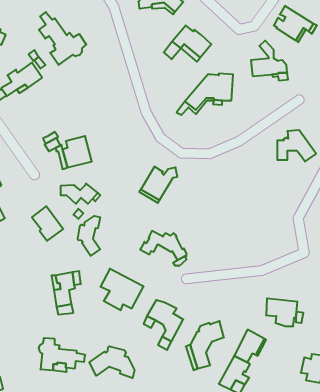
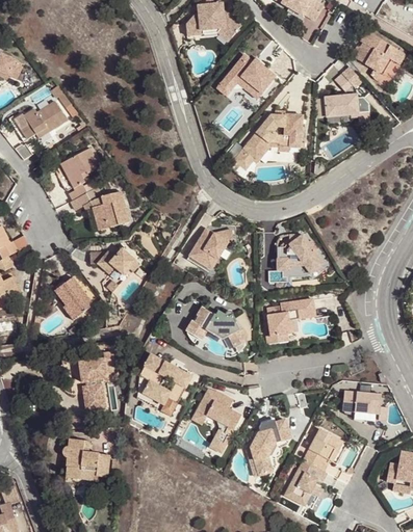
building: [39,12,86,65] -> none
building: none -> [56,148,99,188]
building: [277,130,316,162] -> [276,234,324,272]
building: [78,216,100,256] -> none
building: none -> [265,299,312,344]
building: [89,346,135,378] -> none

